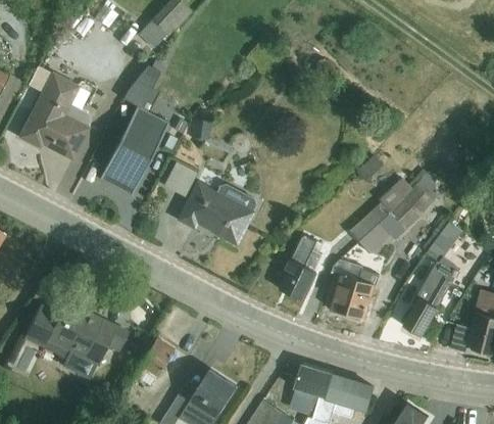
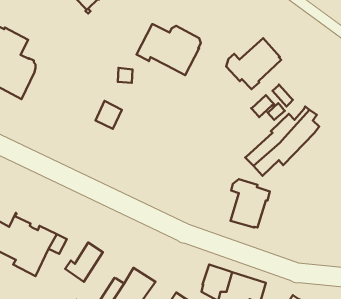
building: [97,60,166,196] -> none
building: none -> [226,38,281,89]
building: [177,182,256,245] -> [137,24,201,75]
building: [403,218,462,337] -> none
building: [282,235,323,301] -> none

